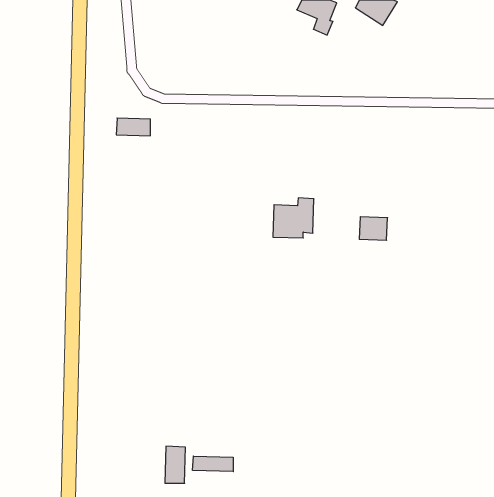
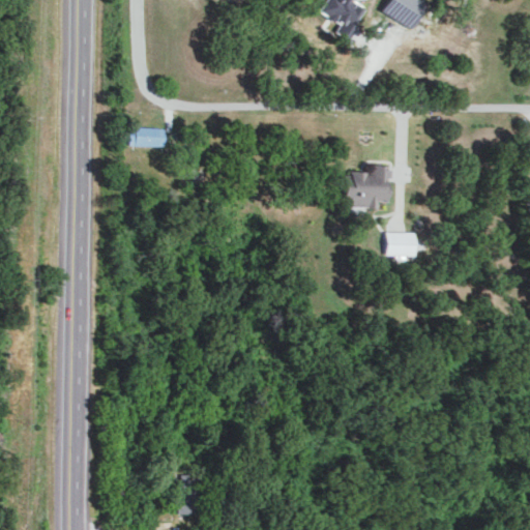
building: [273,198,314,238] -> [348,165,391,207]
building: [193,456,233,472] -> none

